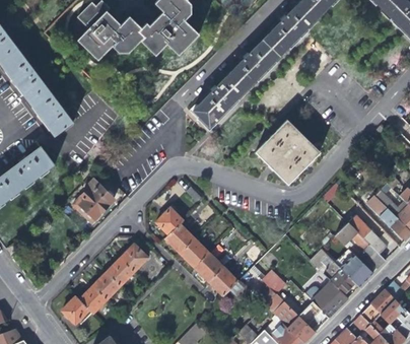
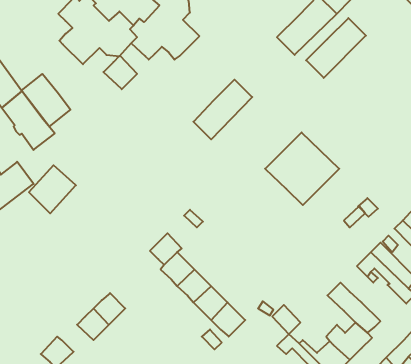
building: [229,38,281,89] -> [306,18,366,78]
building: none -> [103,56,137,89]
building: none -> [21,74,70,126]
building: [74,181,115,222] -> [29,165,76,213]
building: [122,243,152,272] -> none
building: [339,253,373,286] -> none
building: [80,286,108,314] -> none

